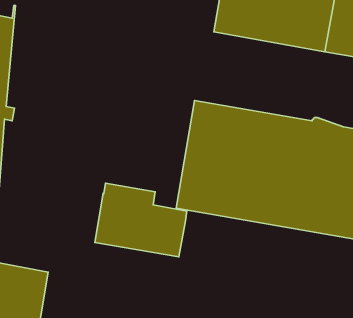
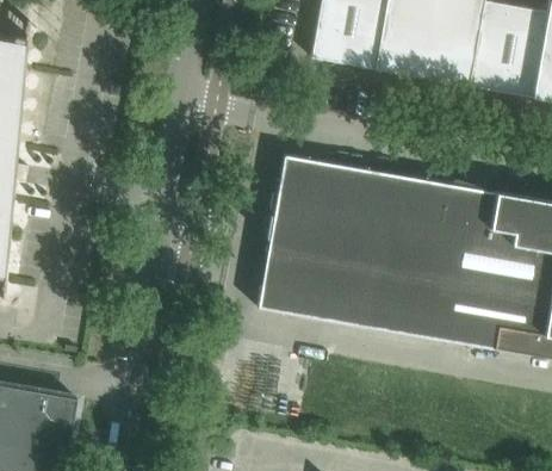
building: [95,183,187,257] -> none

